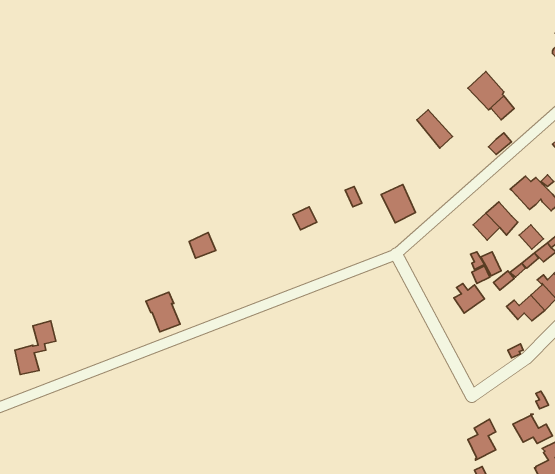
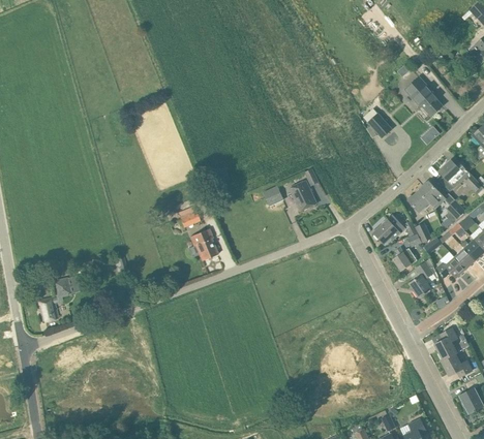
building: [381,184,416,223] -> [289,181,316,212]
building: none -> [373,217,404,245]
building: [146,292,180,332] -> [190,229,218,261]
building: none -> [411,262,435,296]
building: [468,419,496,460] -> [434,328,457,362]

